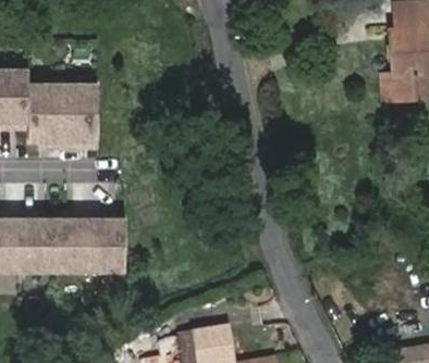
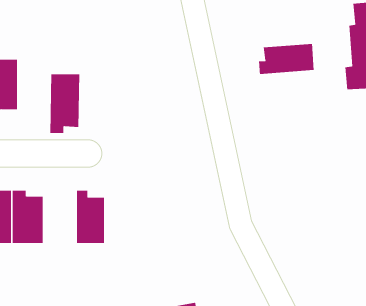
building: none -> [259,43,314,75]
building: [28,83,64,149] -> none
building: [57,211,93,270] -> none

